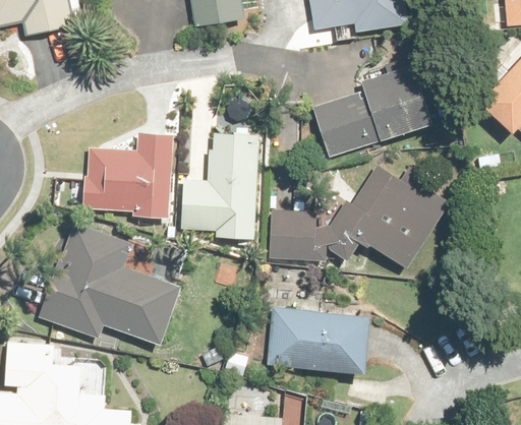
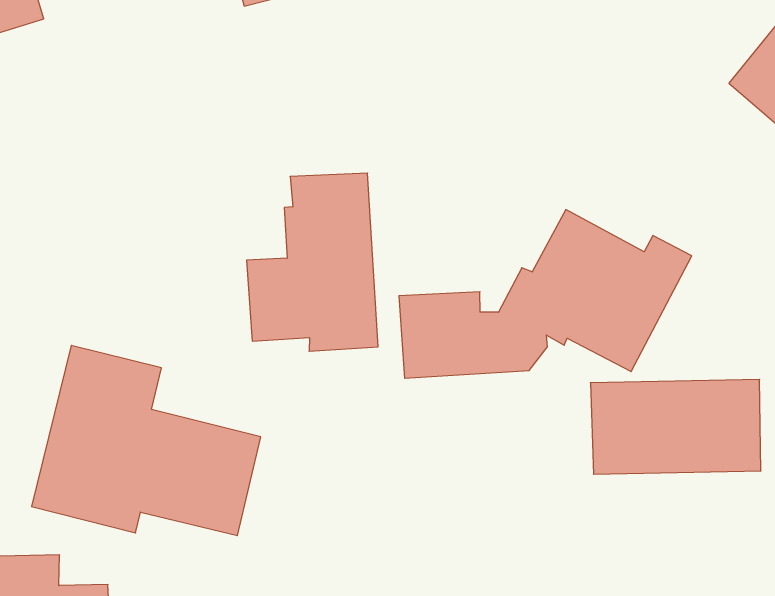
building: [313,63,438,157] -> none
building: [82,134,173,218] -> none
building: [268,310,372,372] -> [590,379,761,474]

